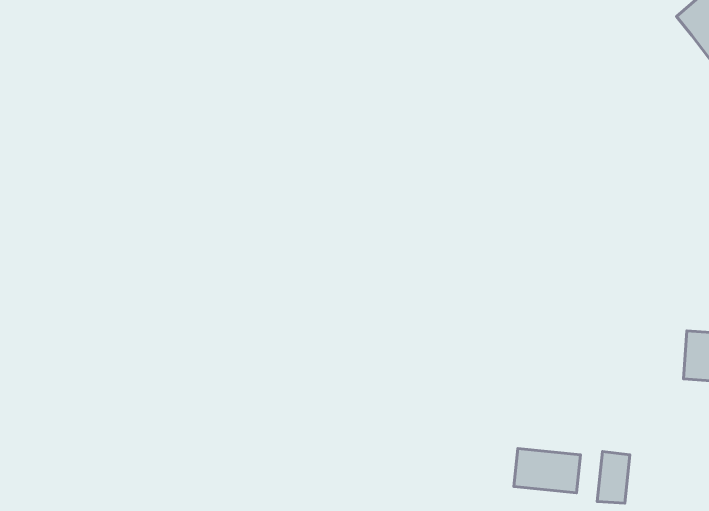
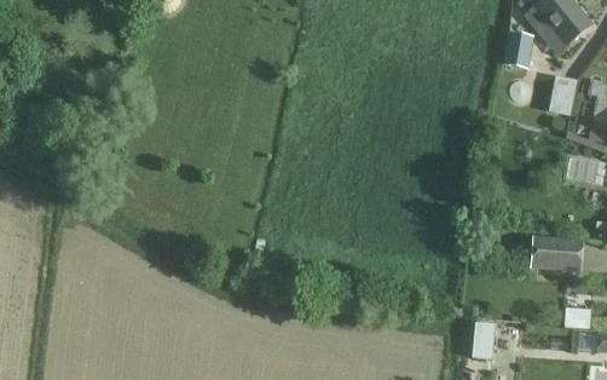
building: none -> [503,33,534,70]
building: [514,448,580,493] -> none

